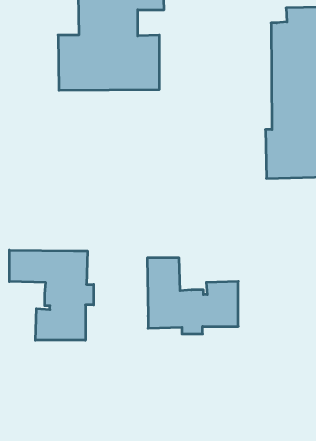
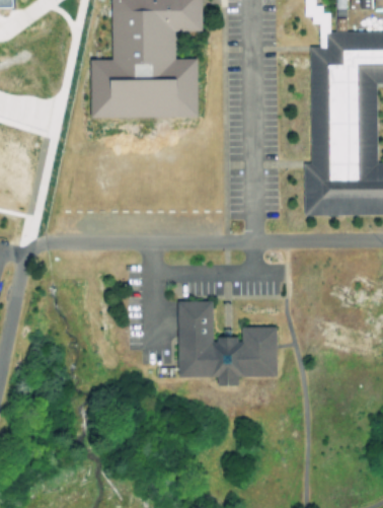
building: [9,250,94,340] -> none

